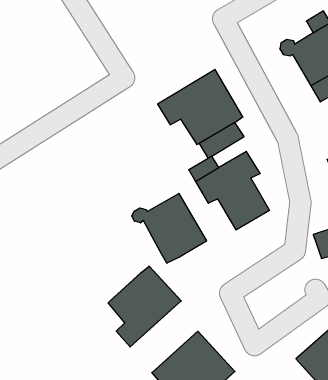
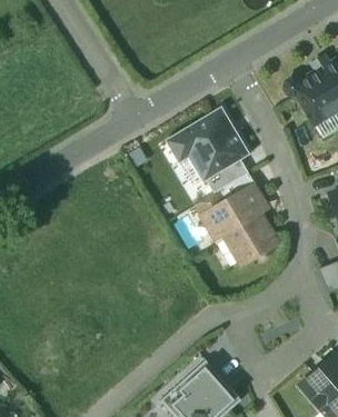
building: [132,193,207,263] -> none
building: [108,266,181,347] -> none

